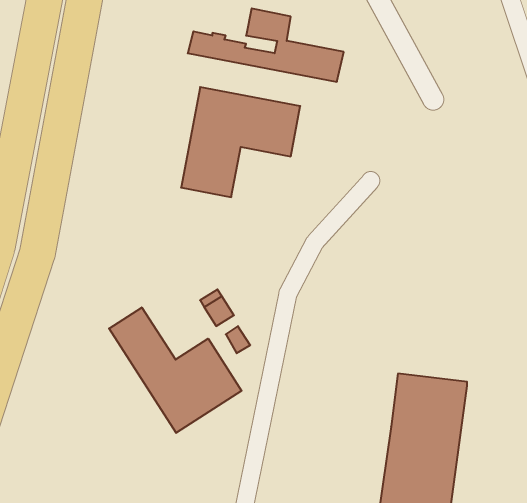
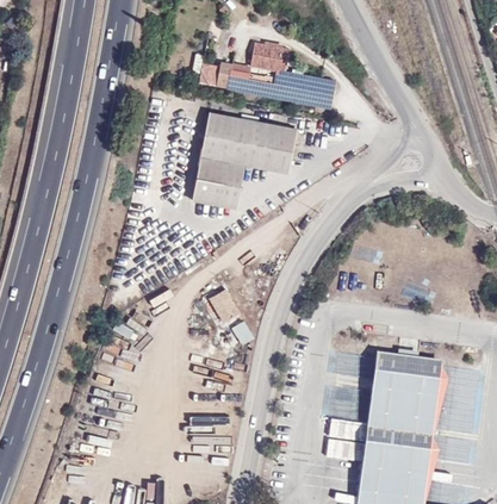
building: [109,307,242,433] -> none

